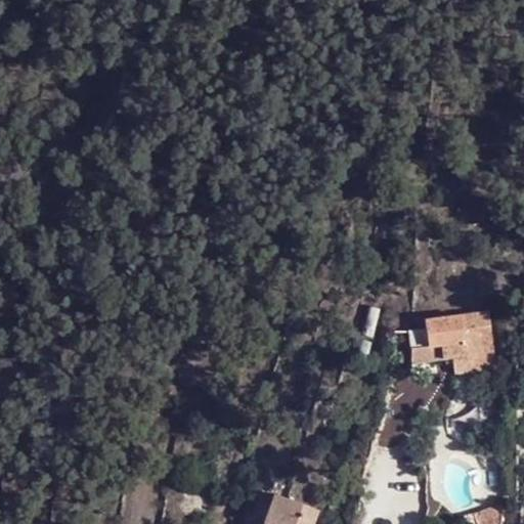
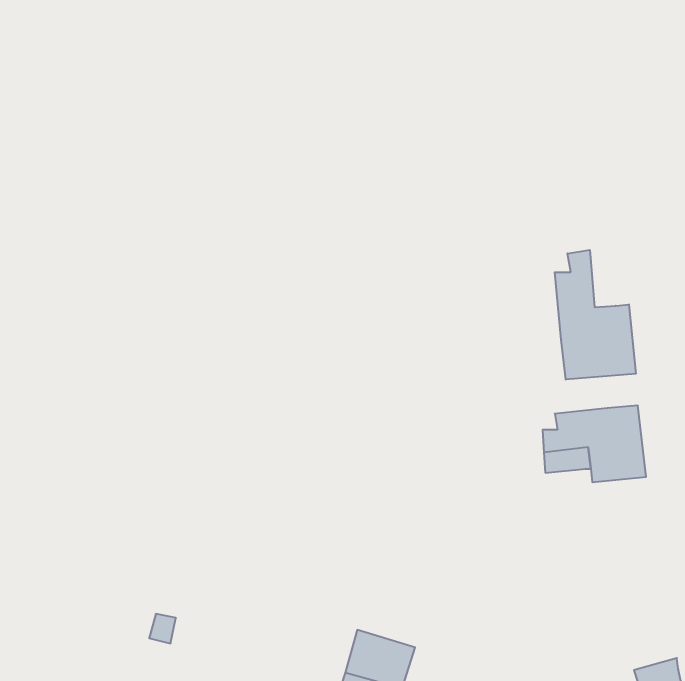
building: none -> [555,250,636,380]

